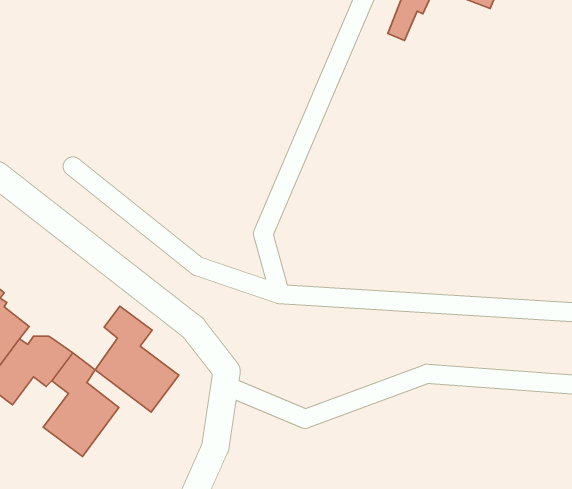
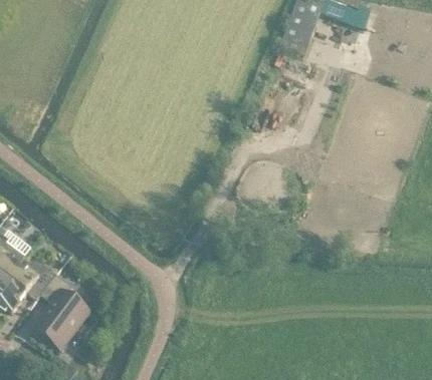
building: [95,306,179,412] -> none

